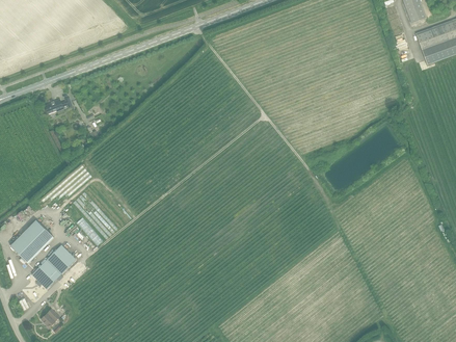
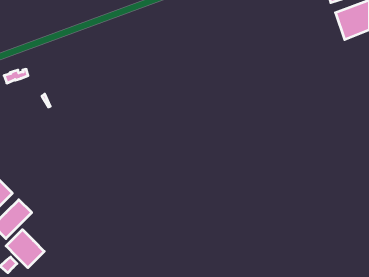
building: none -> [6,230,44,268]

